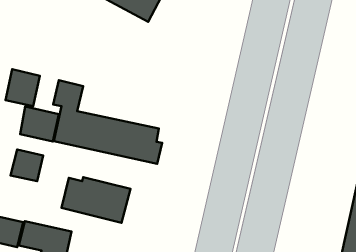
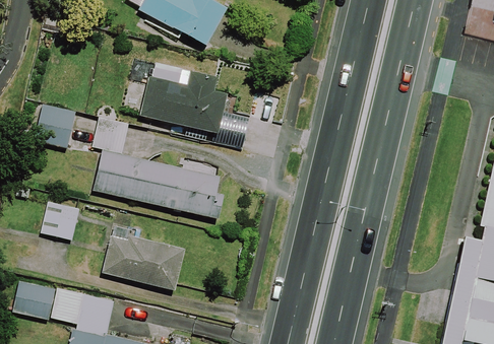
building: none -> [140,62,250,148]
building: [20,106,59,141] -> none

